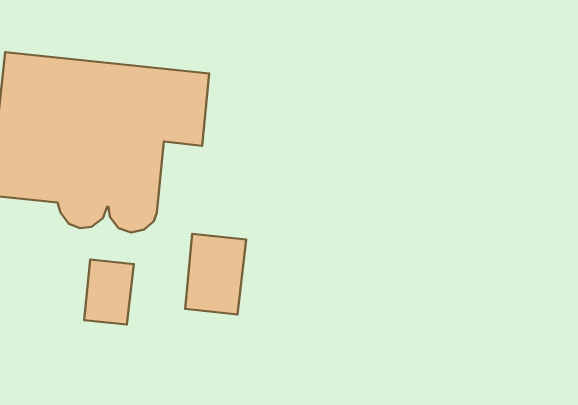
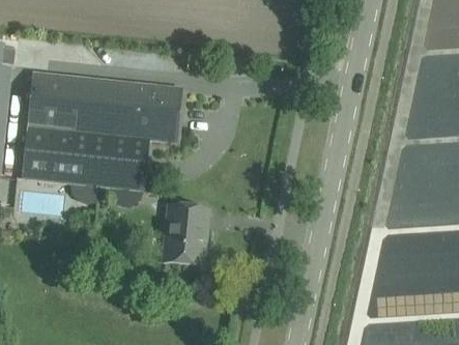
building: [84,260,134,324] -> none

